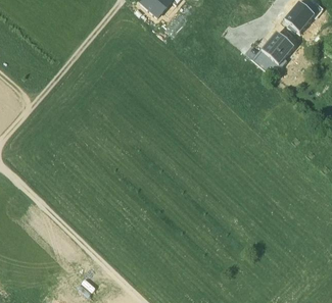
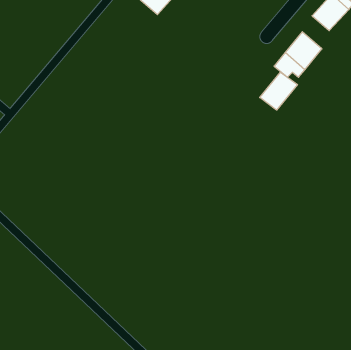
building: none -> [260,72,297,110]

